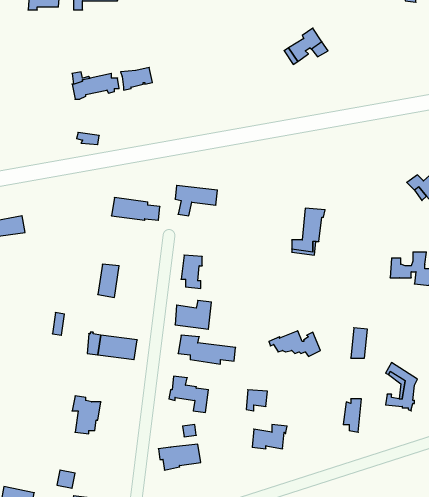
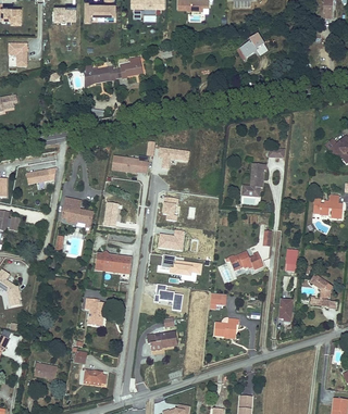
building: none -> [62,198,94,233]

